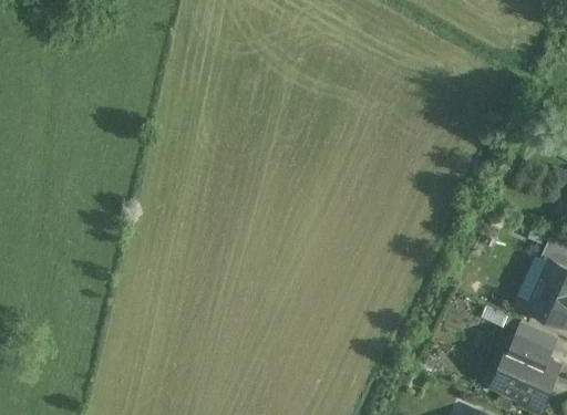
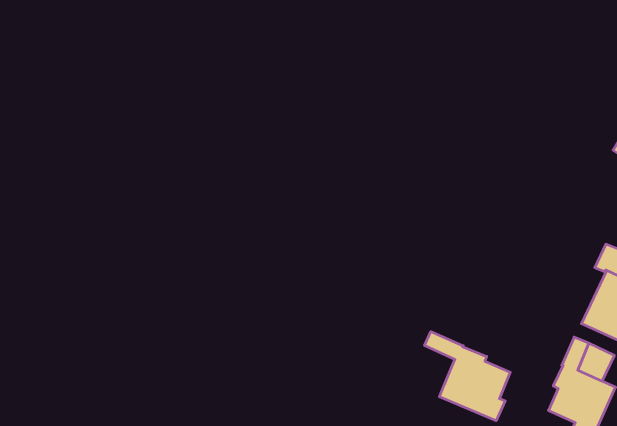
building: none -> [425,332,510,421]

